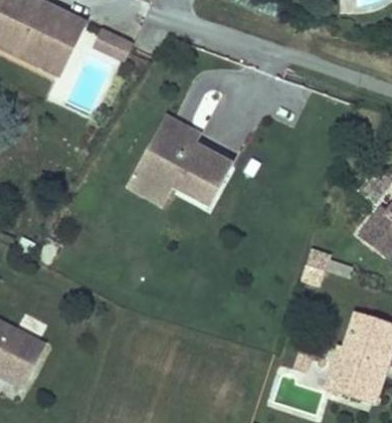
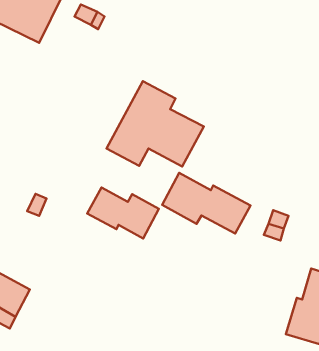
building: none -> [162,173,250,234]
building: none -> [87,188,159,238]

